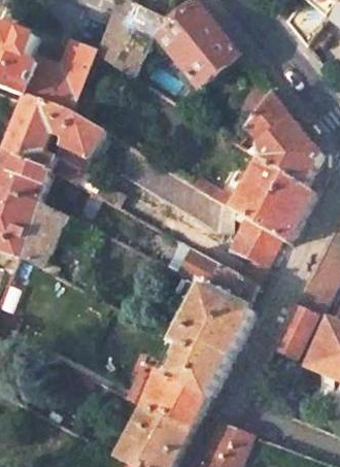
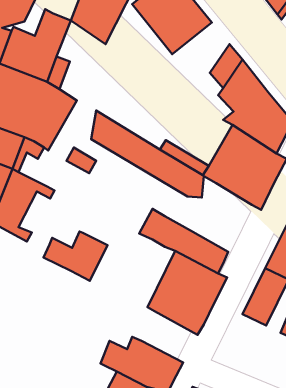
building: [226,215,278,270] -> none
building: none -> [43,231,108,281]
building: [167,344,224,396] -> none

